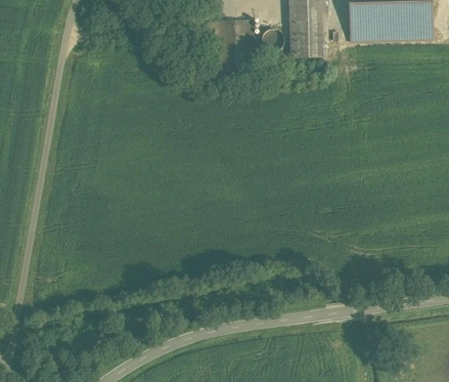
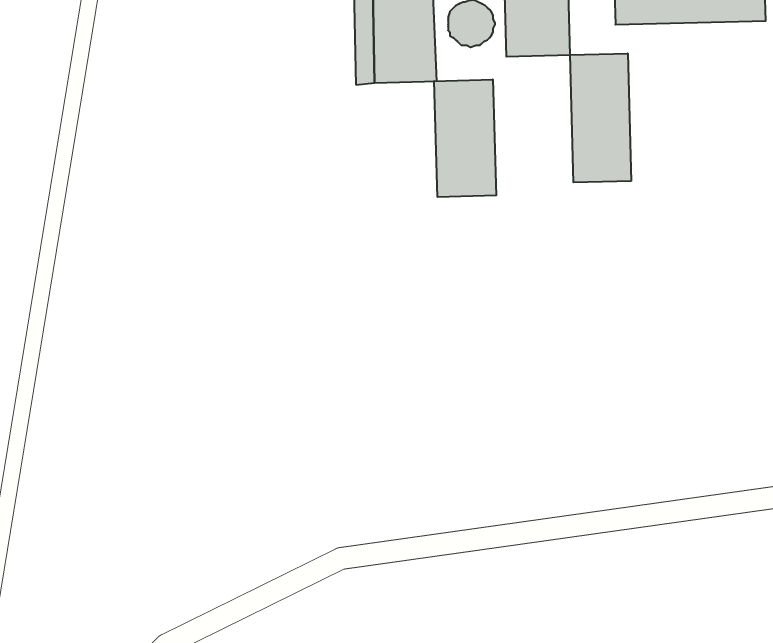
building: none -> [570,53,631,182]
building: none -> [434,79,496,197]

